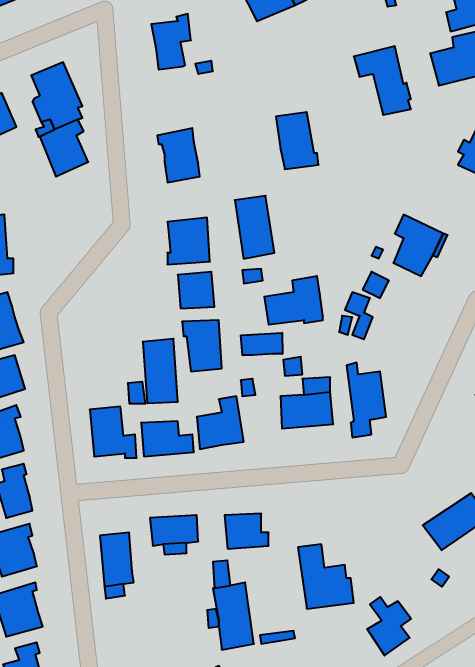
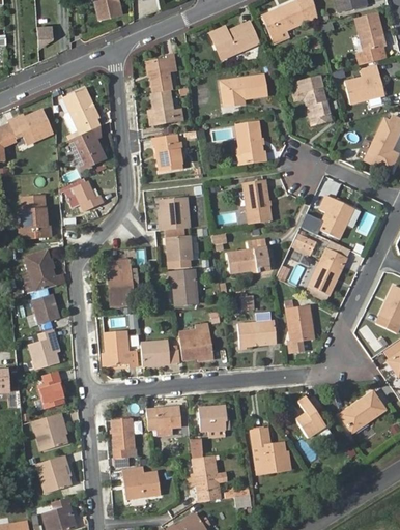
building: none -> [220,75,266,106]
building: none -> [150,90,182,124]
building: none -> [73,181,103,211]
building: [235,196,274,259] -> [242,179,270,224]
building: none -> [309,247,346,295]
building: [241,333,282,355] -> none
building: [143,339,178,403] -> [107,260,132,305]
building: [367,597,411,656] -> [295,396,326,438]
building: none -> [122,465,160,498]

